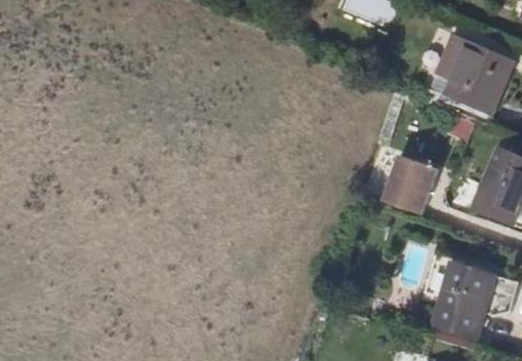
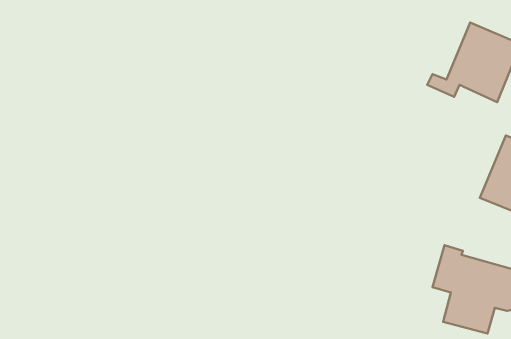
building: [384,155,439,214] -> none

